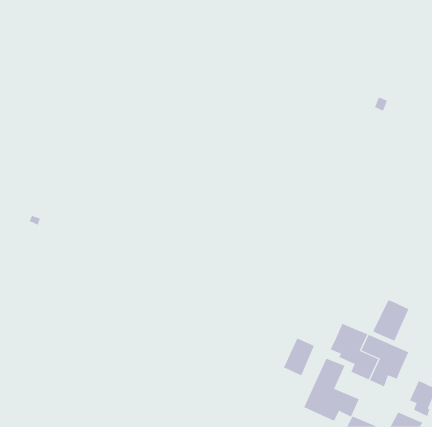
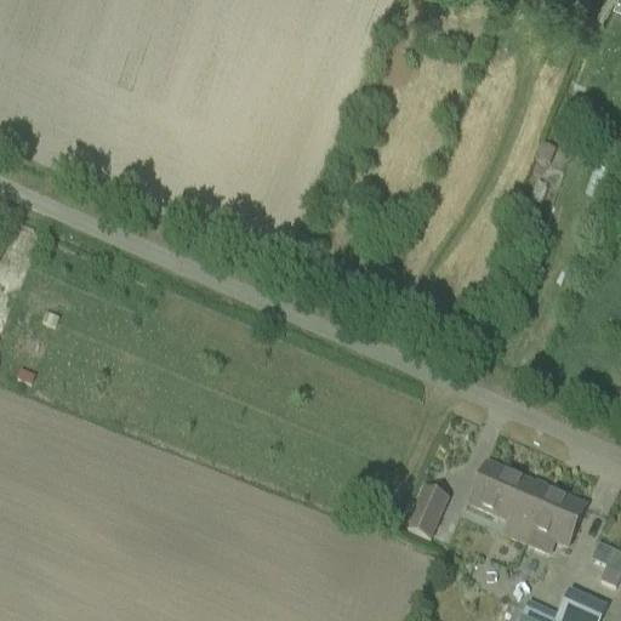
building: [373,300,409,342] -> none
building: [304,358,360,422] -> none

